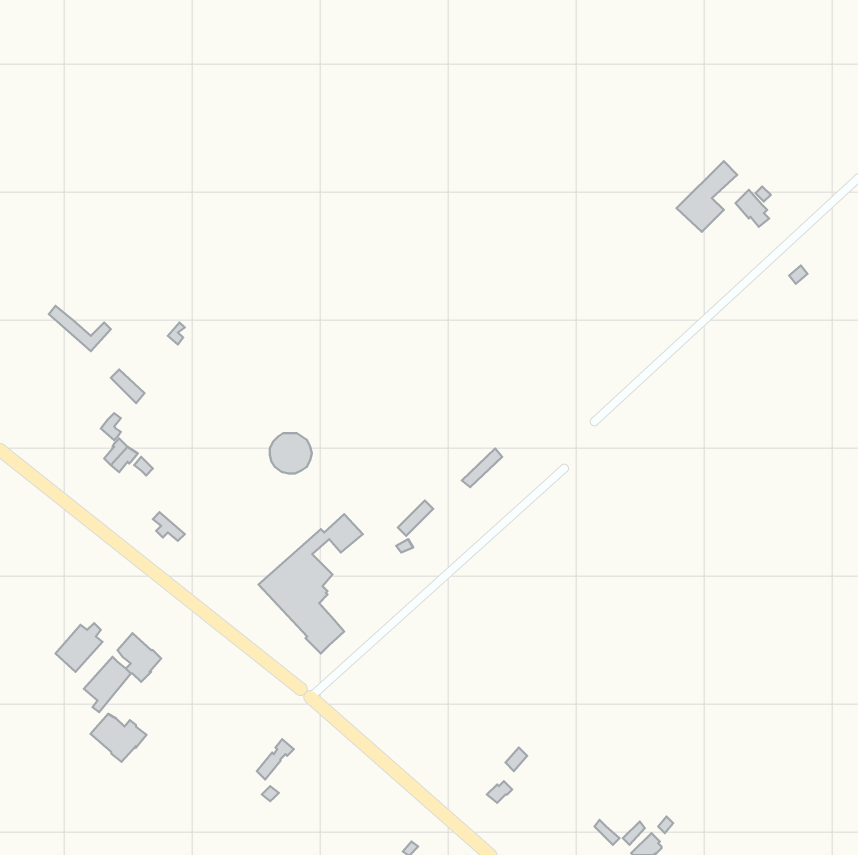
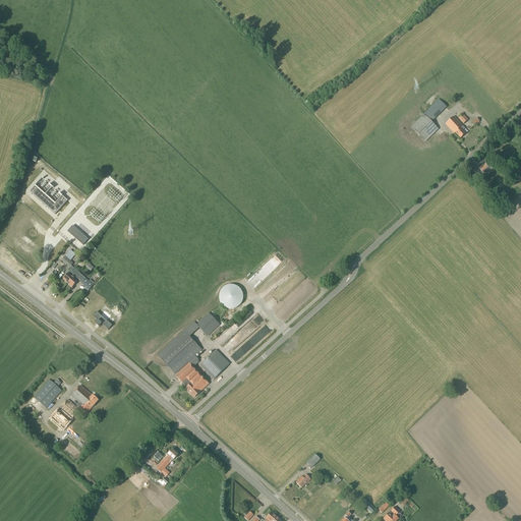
building: [270,433,312,474] -> [220,284,245,308]
building: none -> [200,348,230,379]
building: [91,714,146,762] -> none

